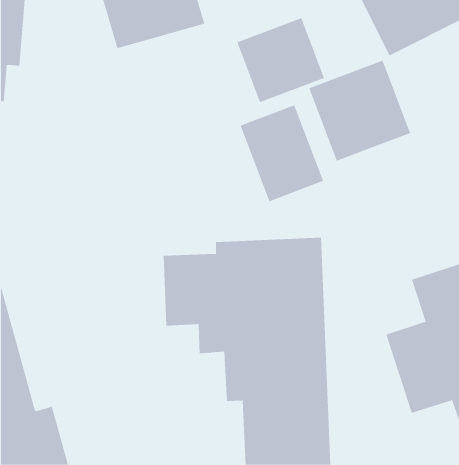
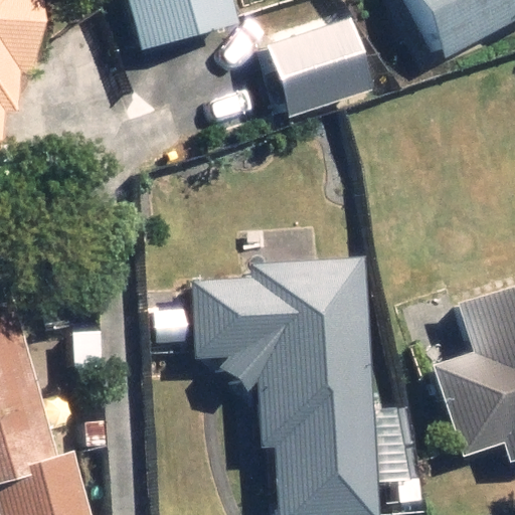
building: [309,60,411,162] -> none
building: [240,104,324,202] -> none

